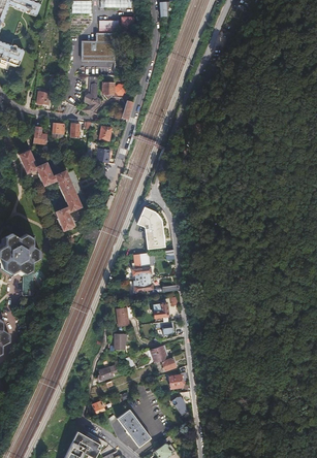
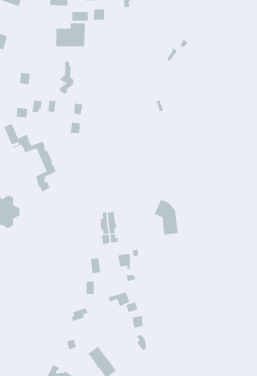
building: [101,83,132,120] -> none
building: [135,204,164,247] -> [154,199,179,235]

